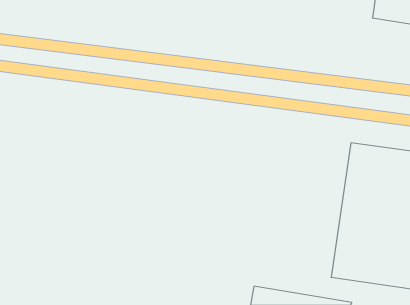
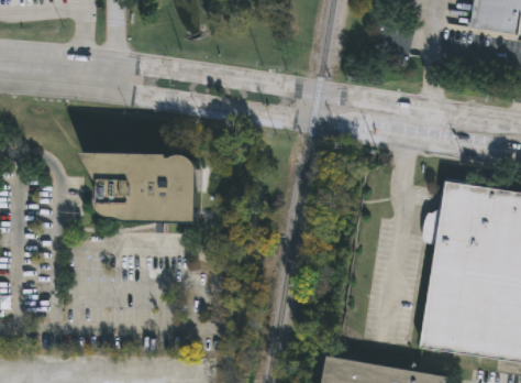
building: none -> [80,150,198,220]

